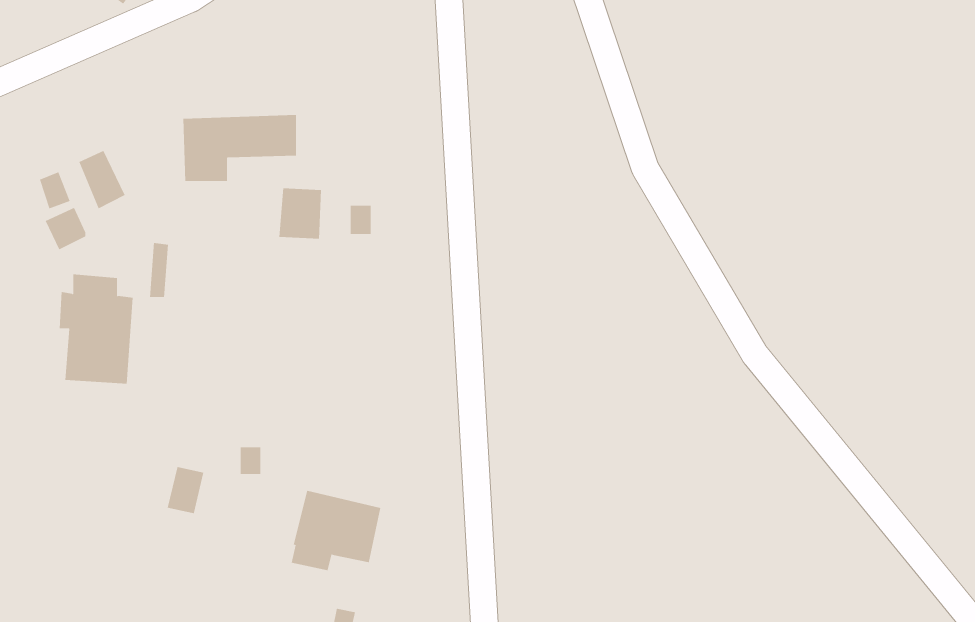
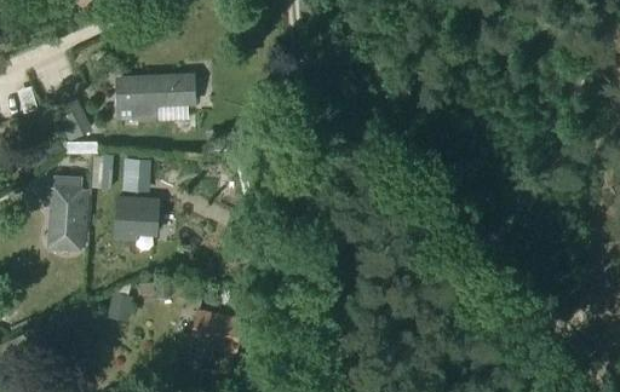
building: [279,188,322,239] -> [122,158,149,190]
building: none -> [113,195,159,241]

